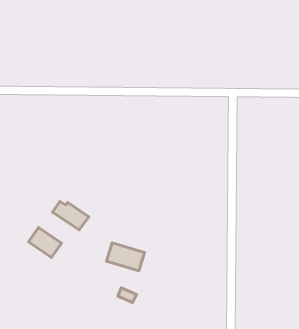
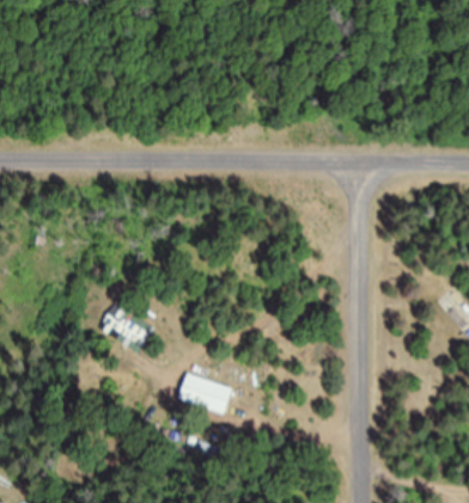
building: [29,227,61,258] -> none

